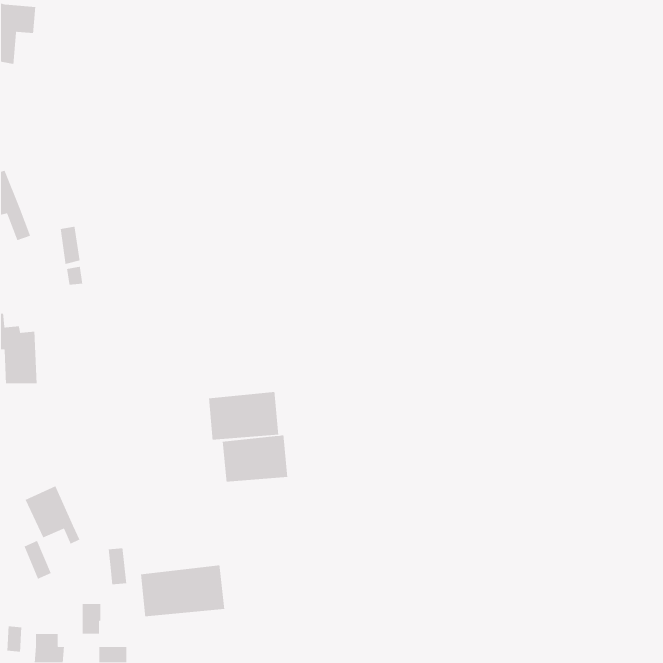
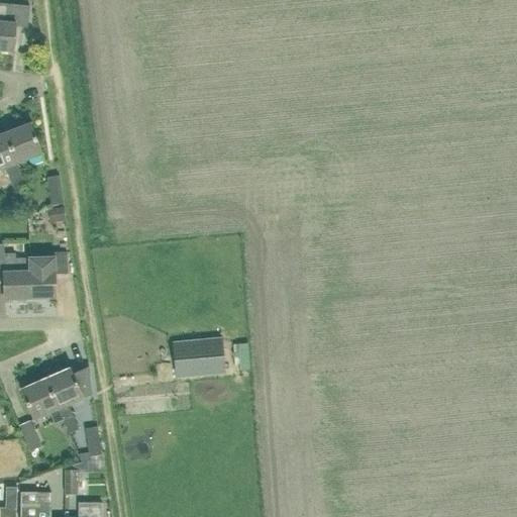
building: none -> [4,122,41,163]
building: none -> [27,251,67,299]
building: [208,391,279,440] -> none
building: none -> [43,367,92,420]
building: [140,565,225,617] -> none

